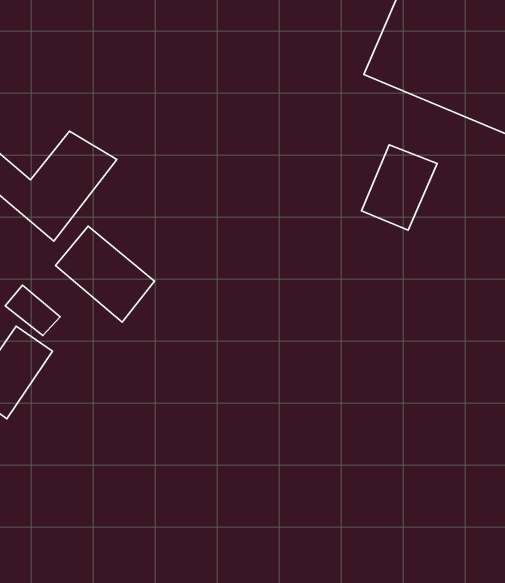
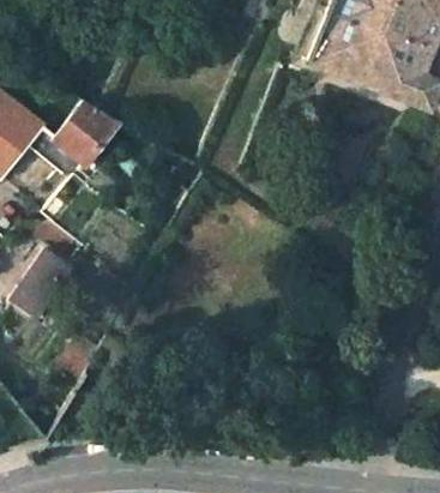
building: [362,145,437,230] -> none
building: [56,226,154,322] -> none

